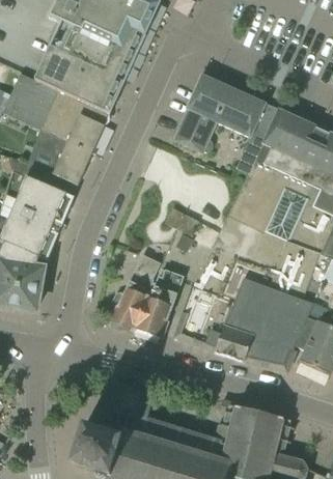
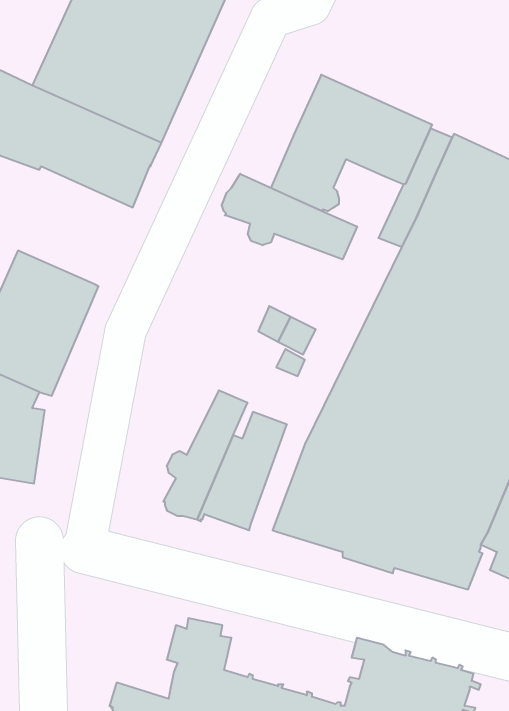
building: [27,126,93,195] -> none
building: none -> [222,174,357,259]

